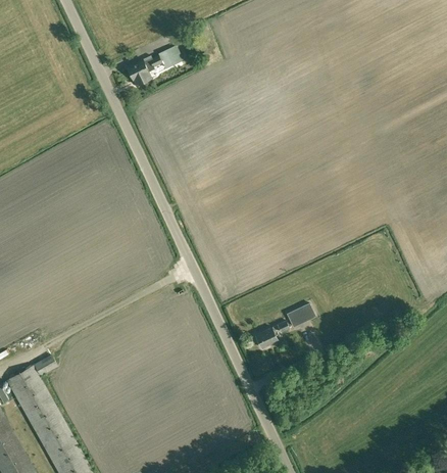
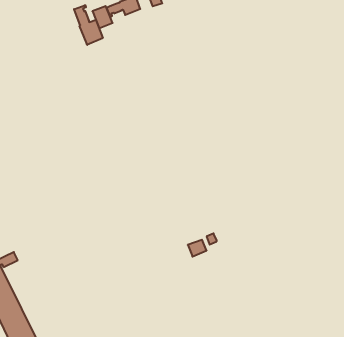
building: none -> [74,5,103,45]
building: [286,302,315,327] -> none

